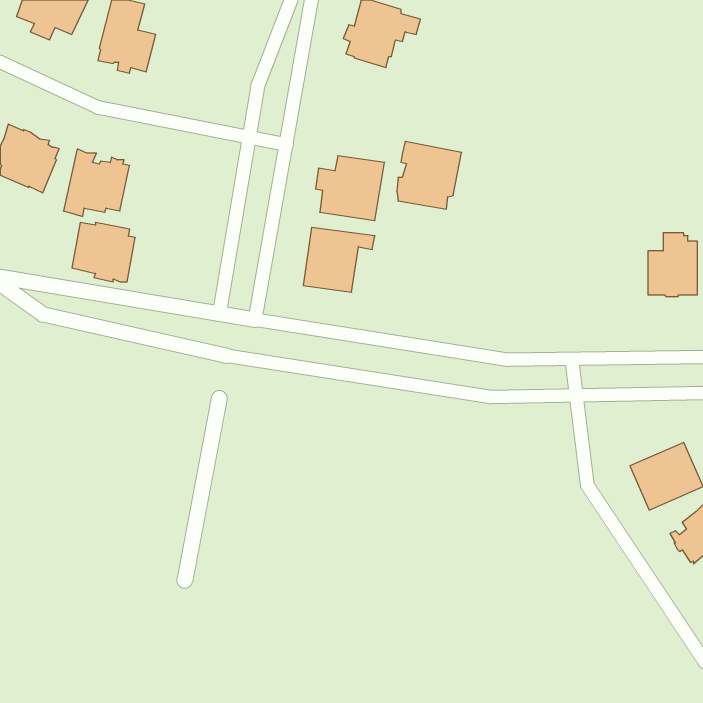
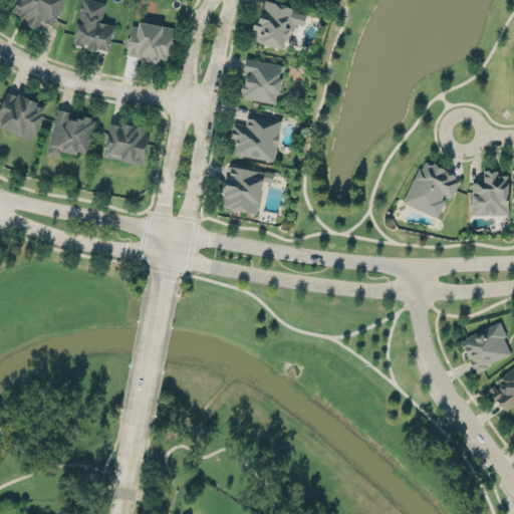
building: none -> [126,22,173,64]
building: [397,142,462,209] -> [240,56,287,105]
building: none -> [402,159,464,221]
building: [72,222,135,282] -> [103,122,150,166]

